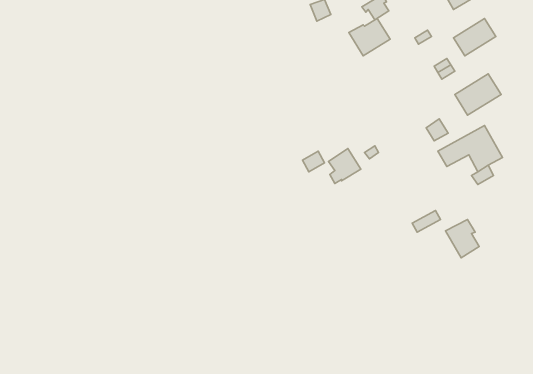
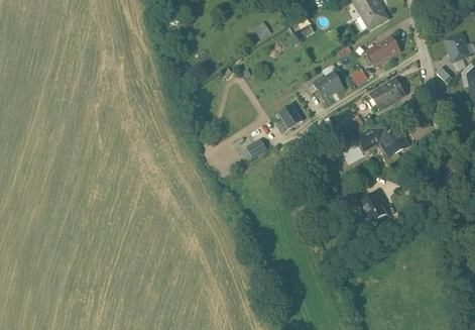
building: [349,18,390,56] -> [311,71,343,100]
building: [329,149,361,183] -> [278,103,304,130]

